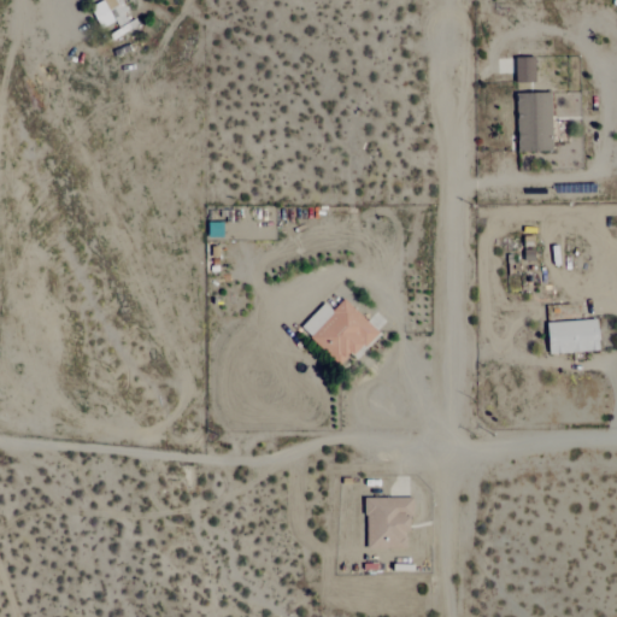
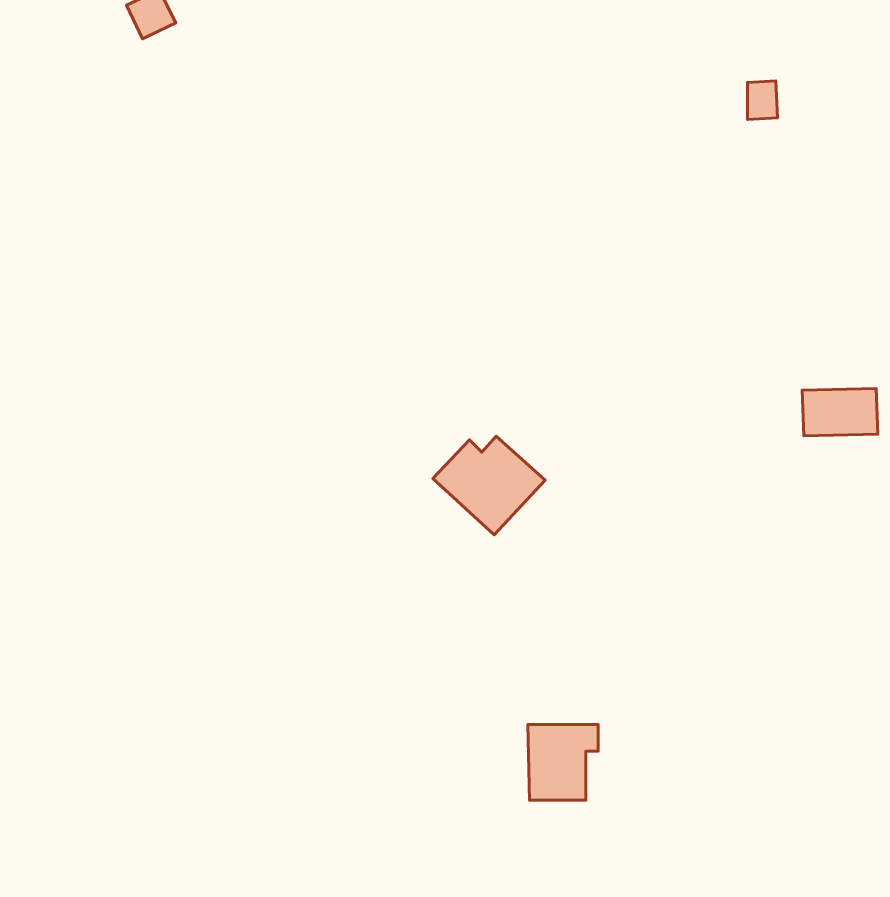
building: [519,92,556,151] -> none
building: [550,319,601,352] -> [802,388,878,436]

